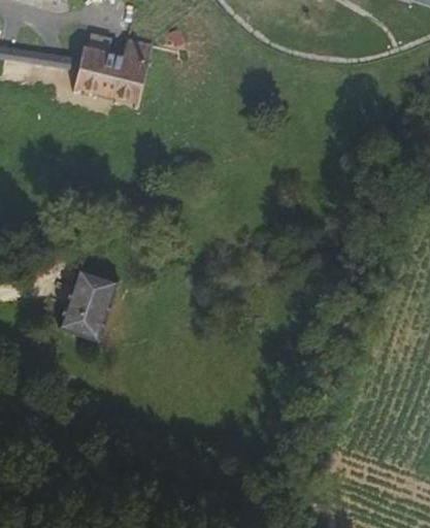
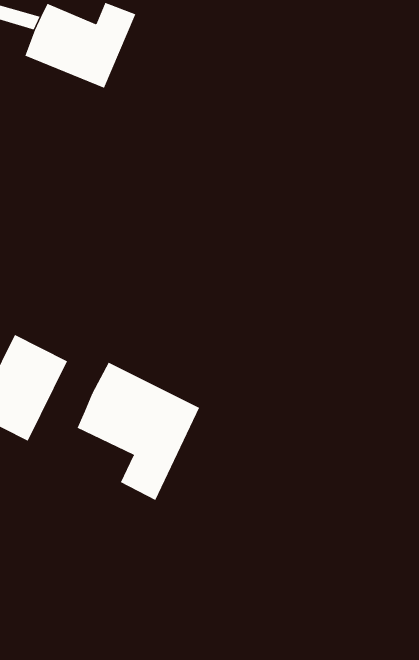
building: none -> [77,362,200,501]

